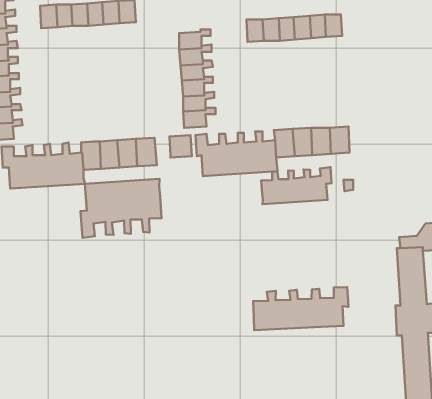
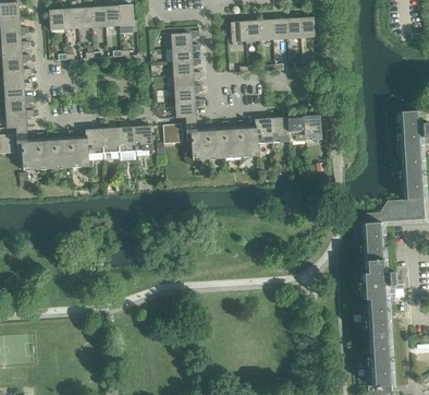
building: [261,167,332,204] -> none
building: [81,179,162,238] -> none
building: [253,287,348,330] -> none

